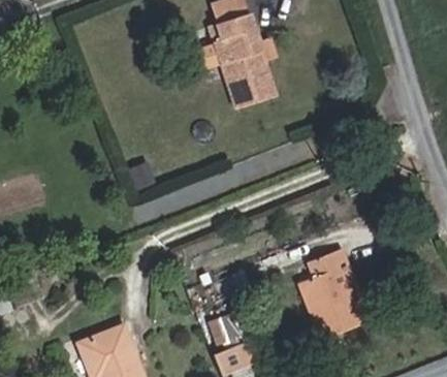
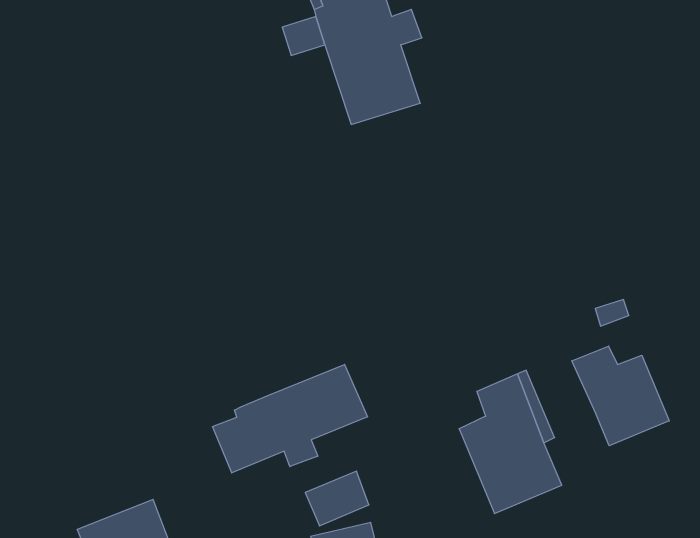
building: none -> [572,346,669,446]
building: none -> [213,364,367,473]

